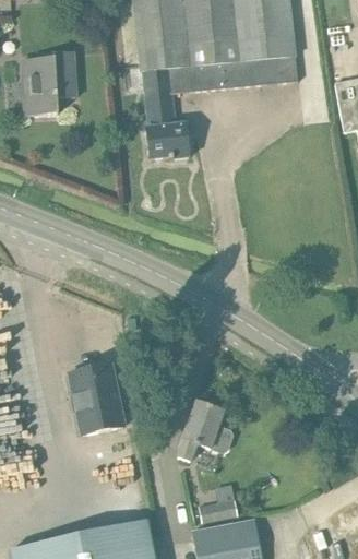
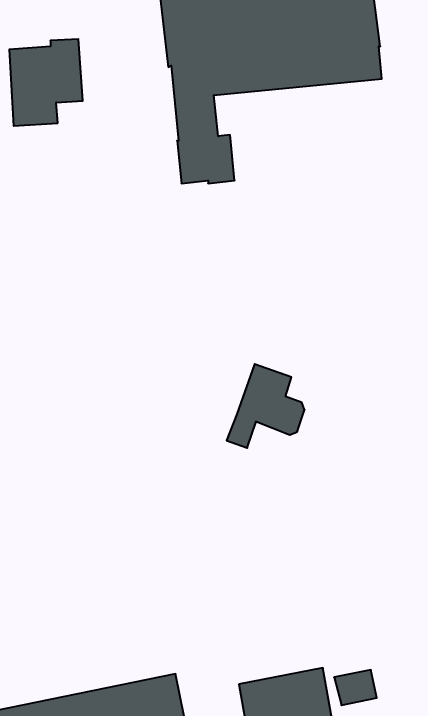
building: [68,364,122,435] -> none
building: [175,401,232,463] -> [227,364,305,448]
building: [204,497,236,523] -> [334,670,377,705]

